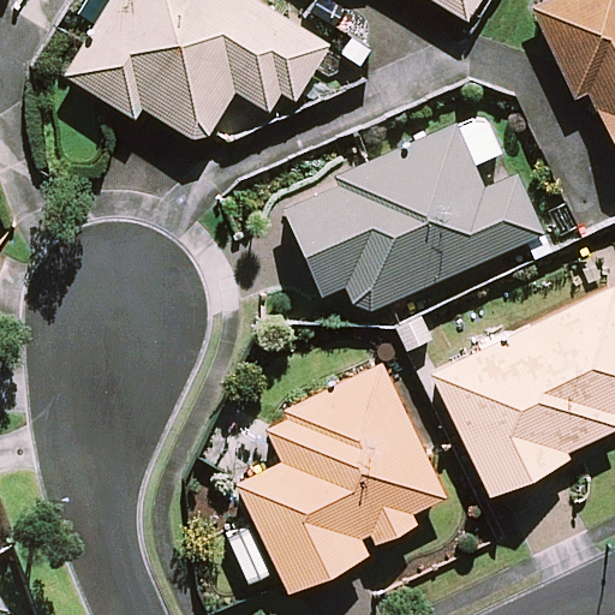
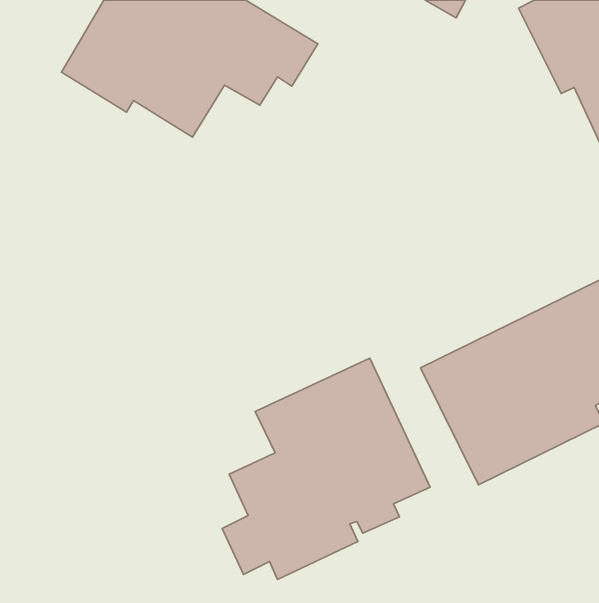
building: [281,112,542,314] -> none

